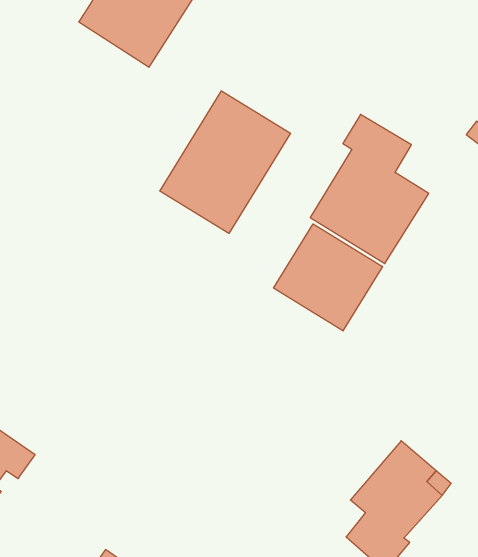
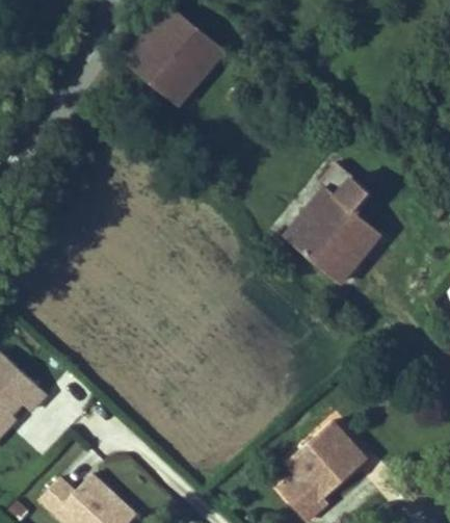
building: [160,91,291,233] -> none
building: [274,224,383,331] -> none

